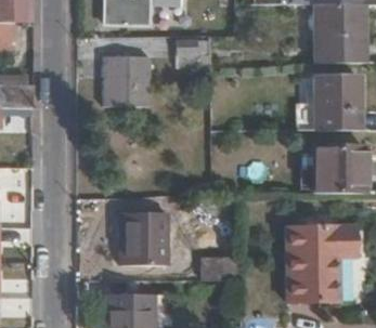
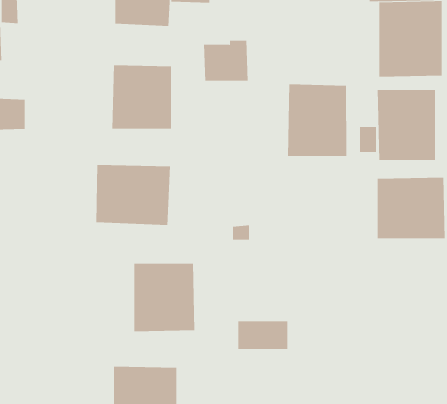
building: none -> [288,84,347,157]
building: none -> [96,164,170,226]
building: [285,224,355,301] -> none

